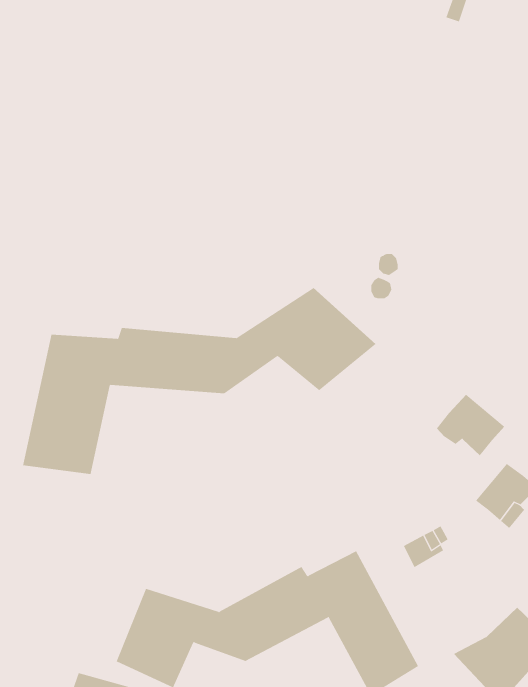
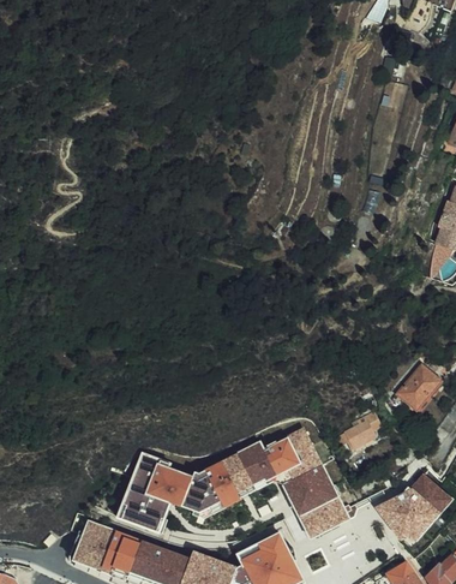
building: [23,287,377,475] -> none
building: [436,394,505,456] -> none

